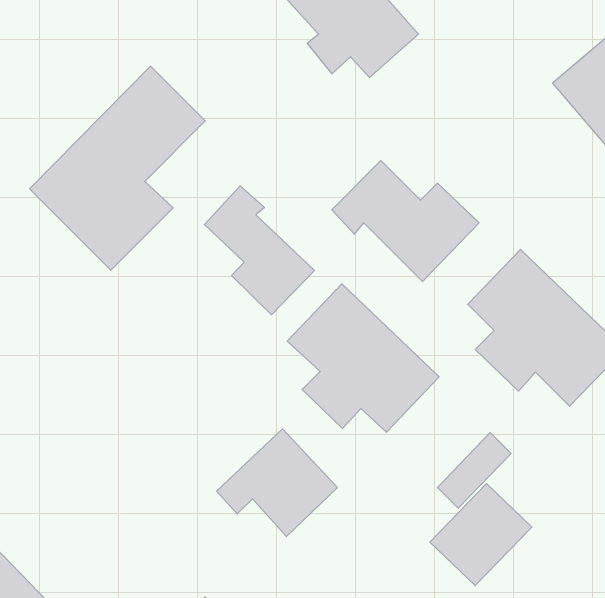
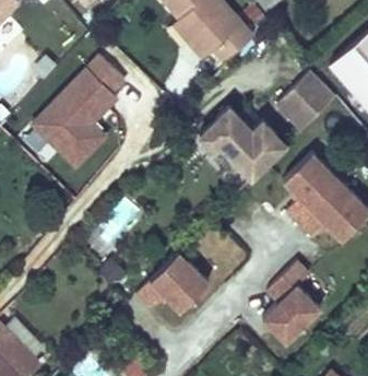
building: none -> [278,71,336,129]
building: [204,186,314,315] -> none
building: [287,284,439,432] -> none

